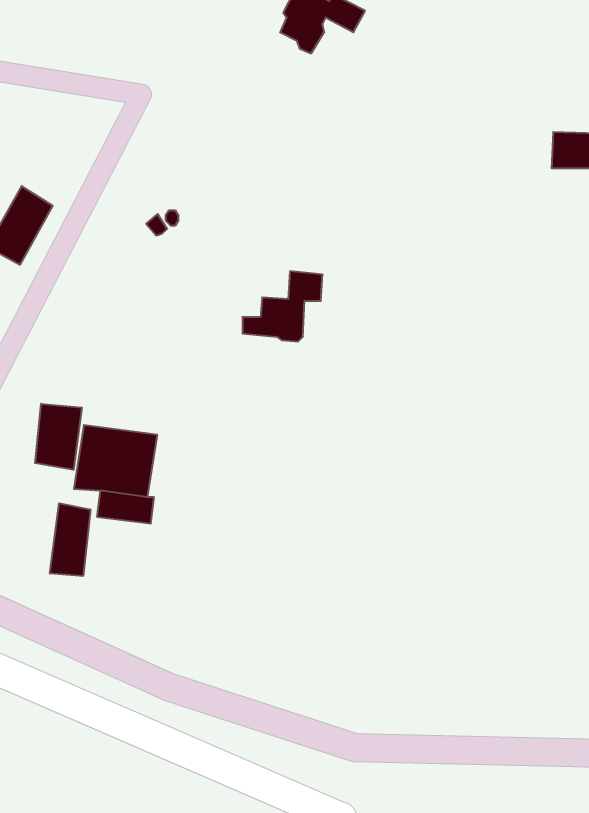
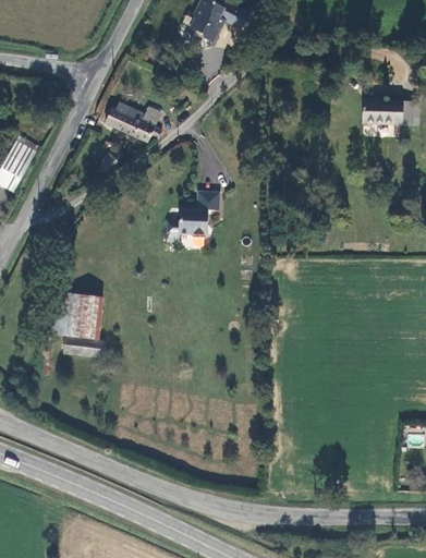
building: none -> [104,100,162,141]
building: [35,404,82,470] -> none
building: [50,503,90,576] -> none

